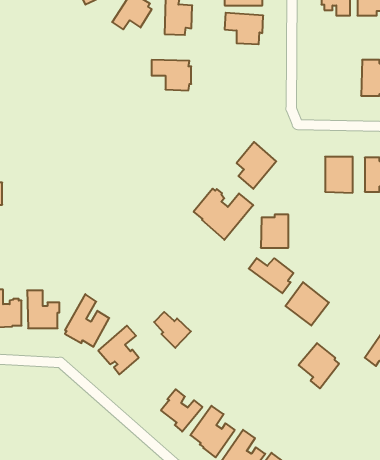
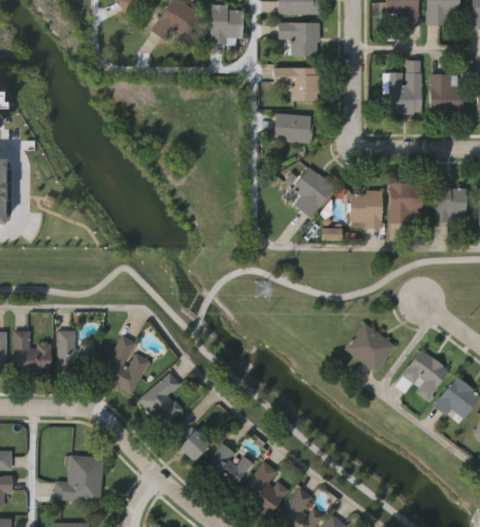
building: none -> [388,60,420,113]
building: [152,60,191,90] -> [271,66,316,100]
building: none -> [275,114,312,148]
building: [194,189,253,240] -> none
building: [261,215,288,248] -> [350,190,381,227]
building: [249,258,293,293] -> none
building: [154,312,191,348] -> [169,423,211,463]
building: [299,343,339,388] -> [402,349,447,400]
building: none -> [54,455,104,502]

